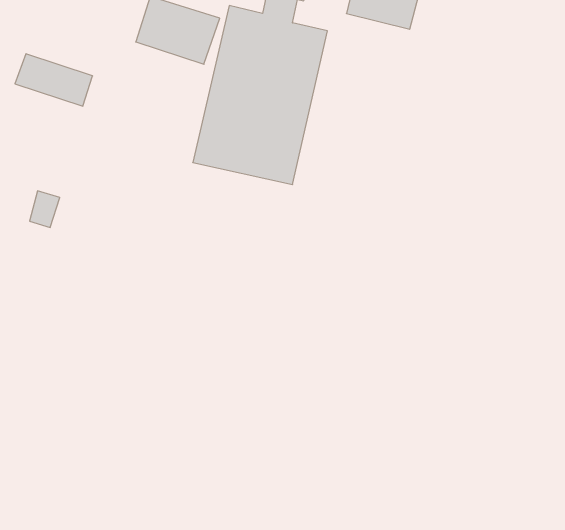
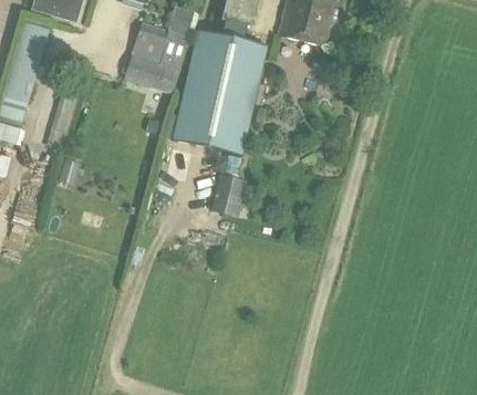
building: [15,54,93,106] -> [125,55,179,92]
building: none -> [211,174,247,215]

